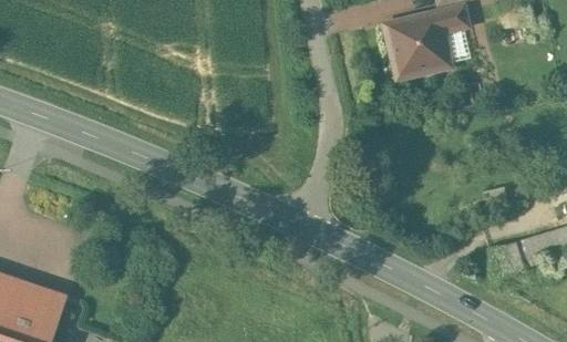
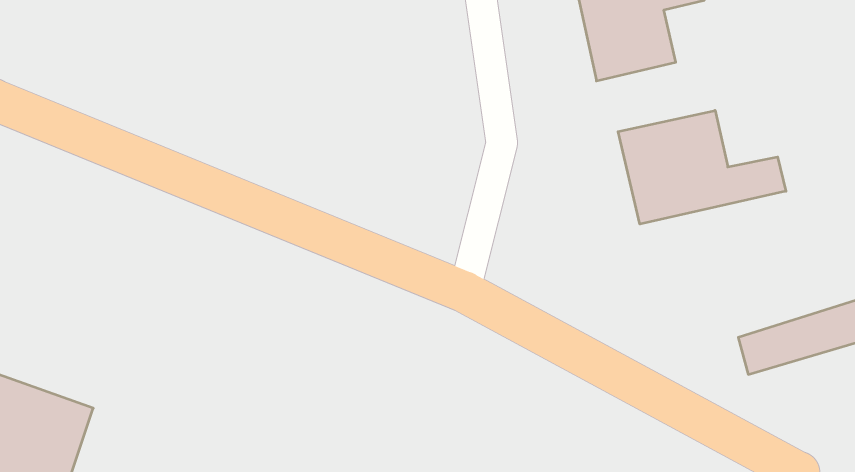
building: none -> [618,110,786,224]

